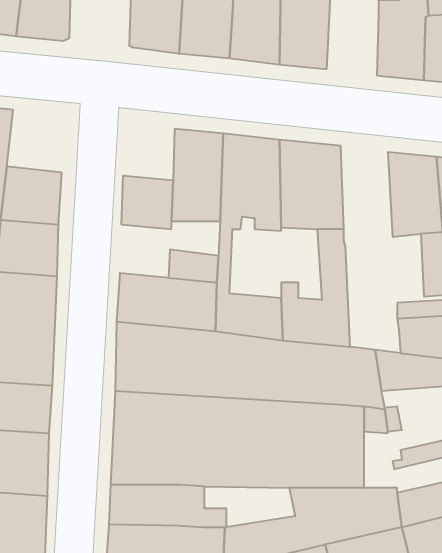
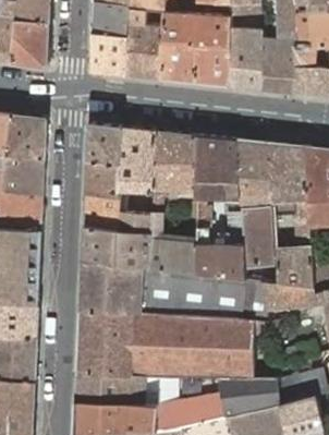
building: none -> [228,45,264,90]
building: none -> [5,114,46,158]
building: none -> [86,124,122,164]
building: none -> [237,140,273,205]
building: none -> [84,194,120,231]
building: none -> [241,208,279,283]

